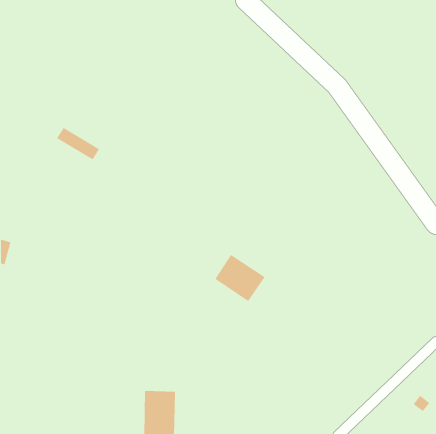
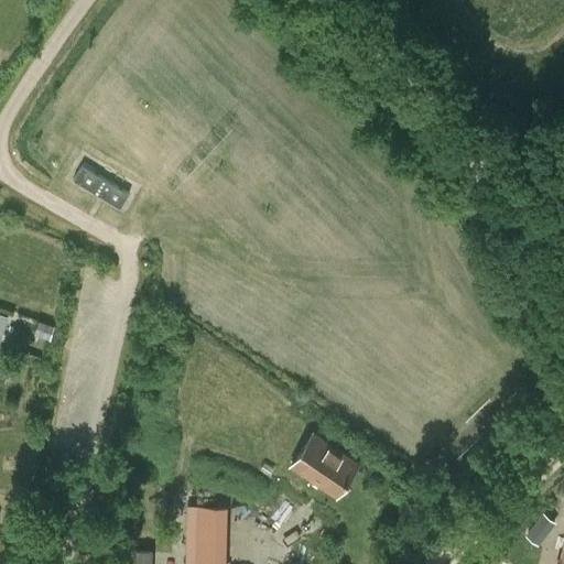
building: [214,254,266,302] -> [292,436,358,498]

